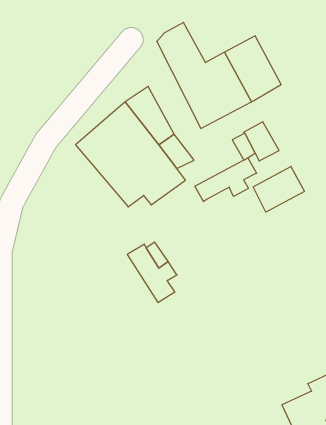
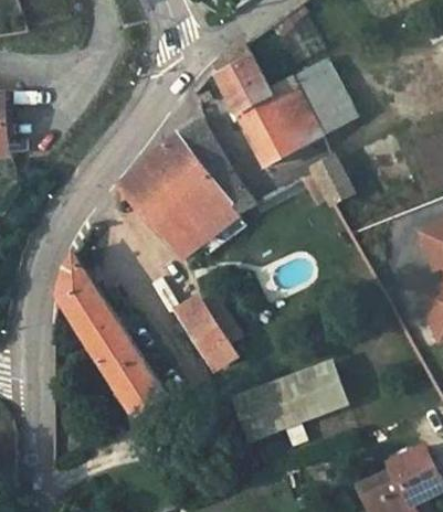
building: [195,158,257,202] -> none
building: [253,166,304,212] -> none
building: none -> [55,254,176,435]
building: none -> [236,365,339,435]

